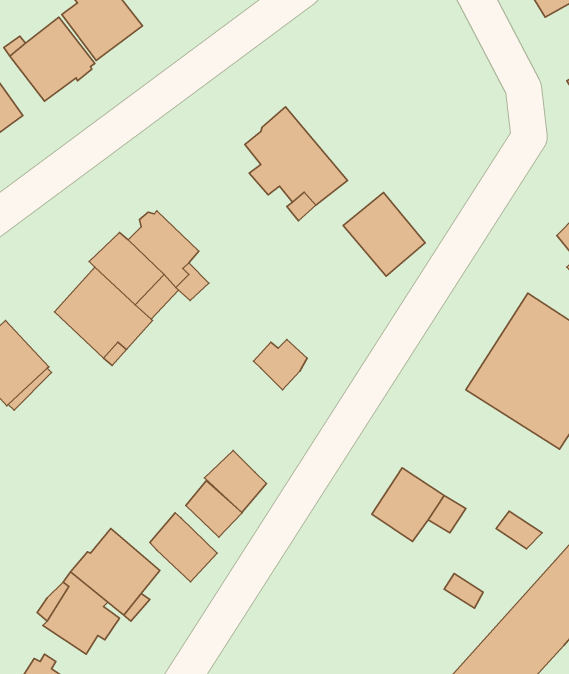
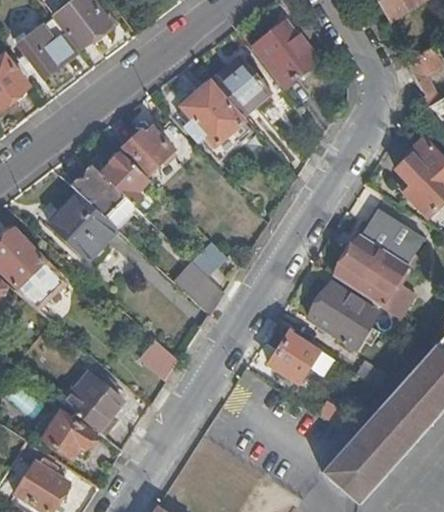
building: none -> [254,19,318,85]
building: none -> [125,128,176,172]
building: [343,192,425,276] -> [213,56,270,114]
building: none -> [308,282,377,347]
building: [204,450,266,513] -> [172,261,215,304]
building: [150,513,217,582] -> none

